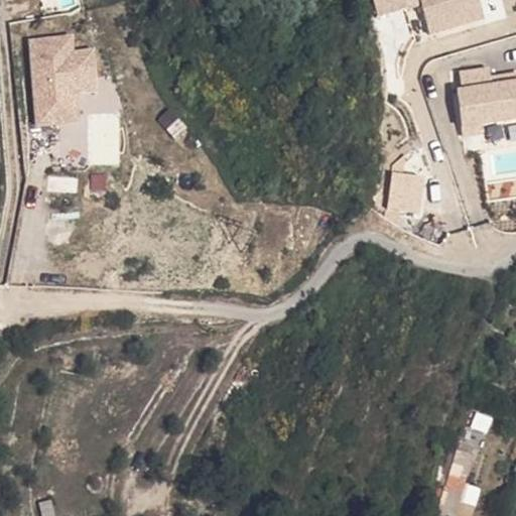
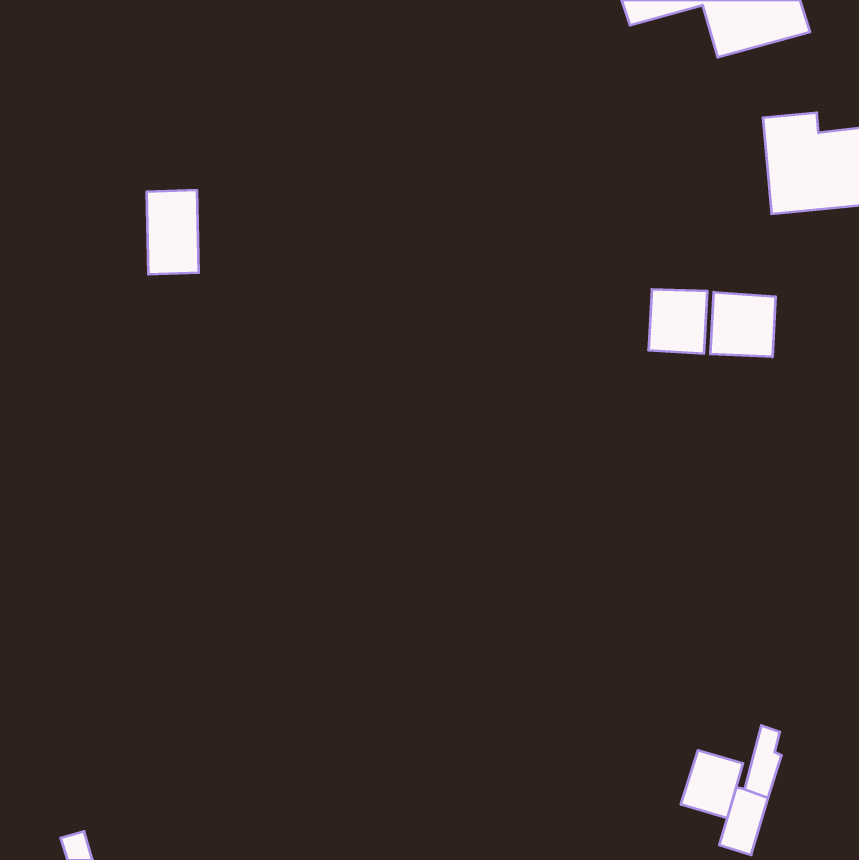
building: [28,33,99,125] -> none
building: none -> [710,292,776,357]
building: none -> [681,750,743,818]

